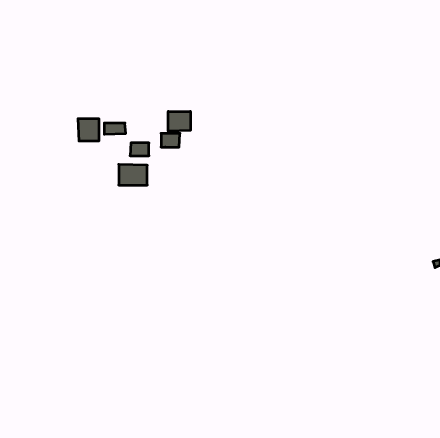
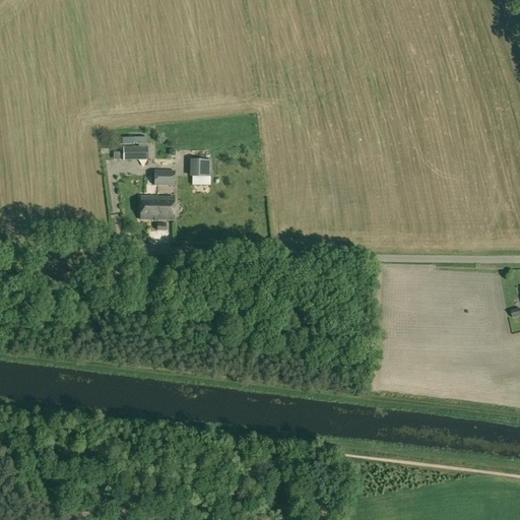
building: [168,111,190,131] -> none
building: [78,119,99,141] -> none

